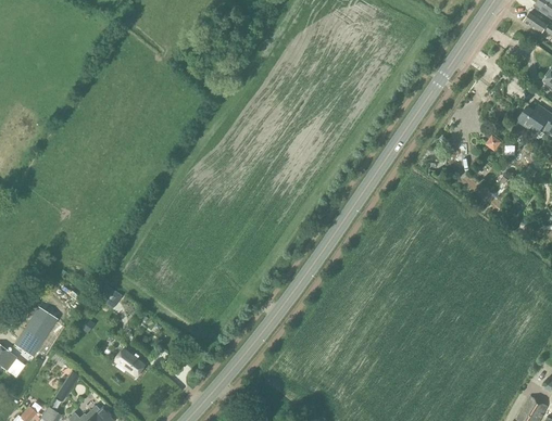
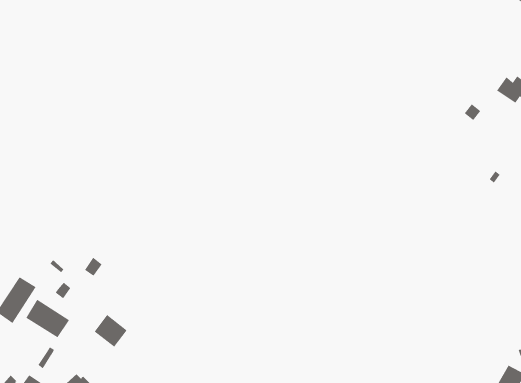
building: none -> [25,299,70,338]

